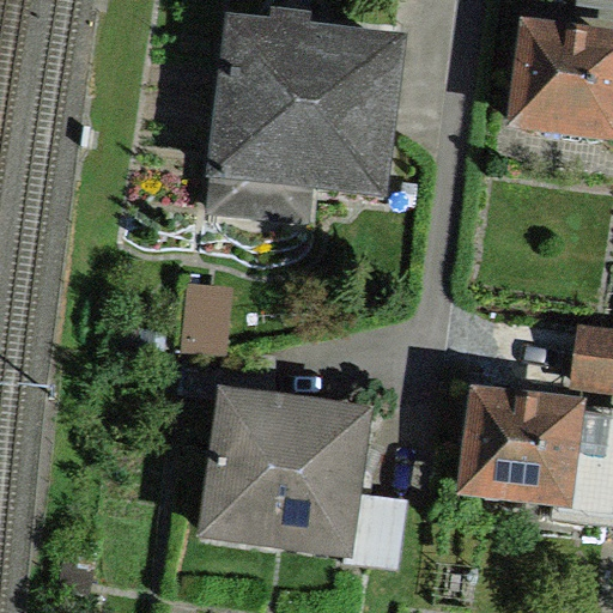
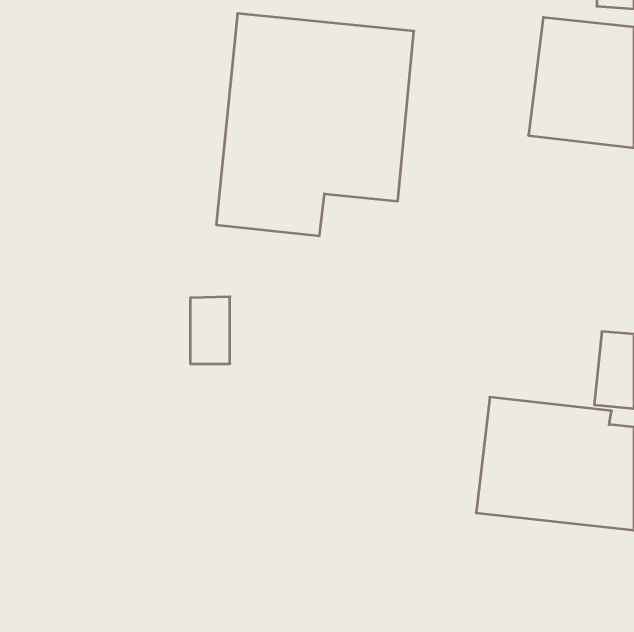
building: [201,386,371,554] -> none

